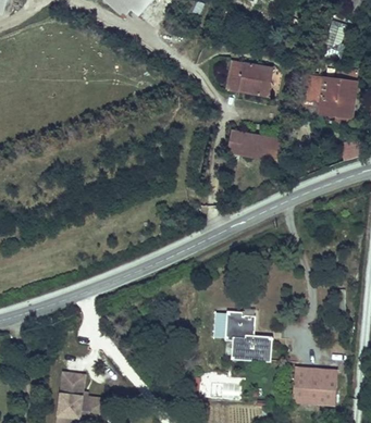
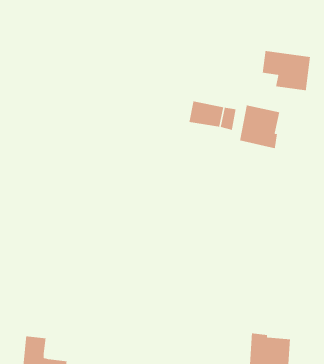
building: [226,59,273,95] -> none
building: none -> [239,104,280,149]
building: [214,311,271,361] -> none

